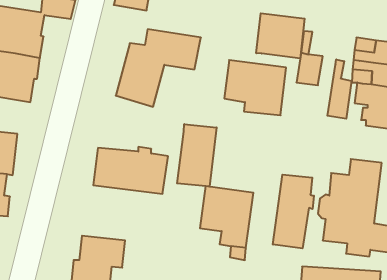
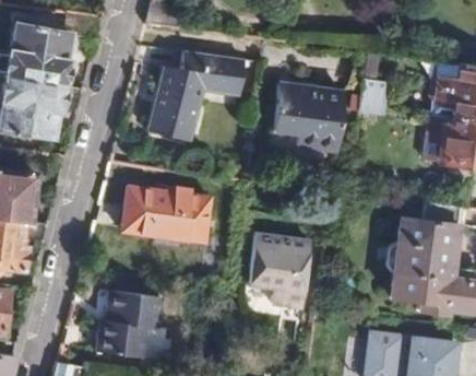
building: [256,13,305,59] -> none
building: [327,59,351,119] -> none
building: [177,124,217,187] -> none
building: [273,175,314,248] -> none

